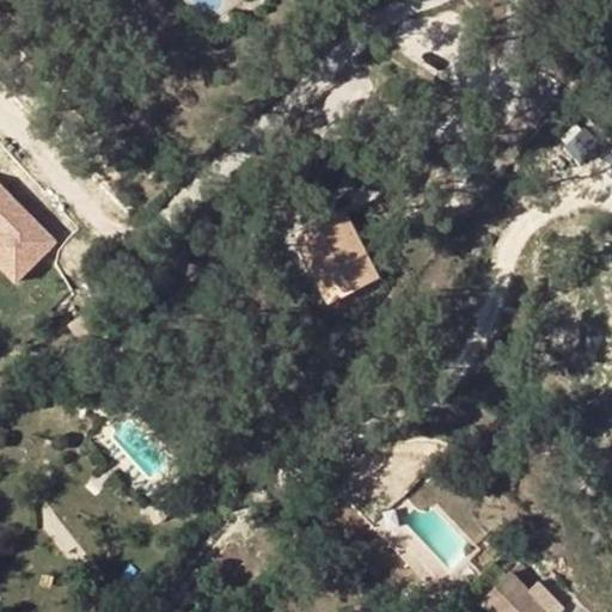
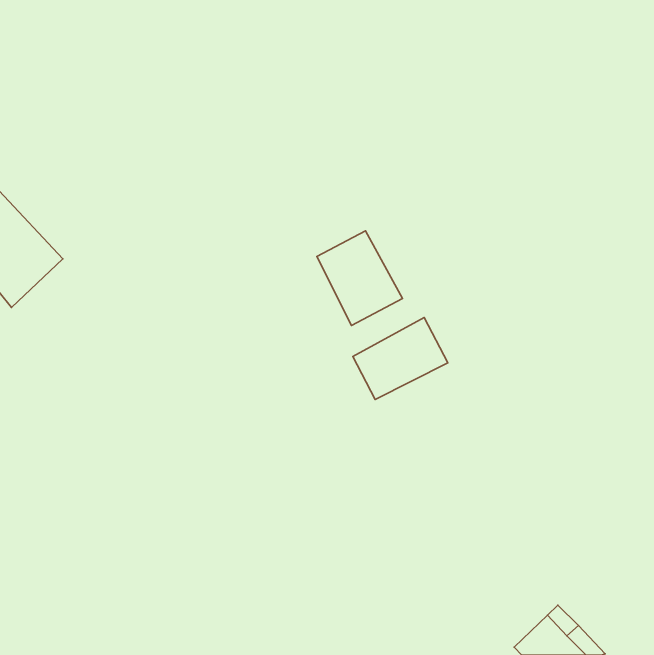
building: none -> [353,318,448,400]

